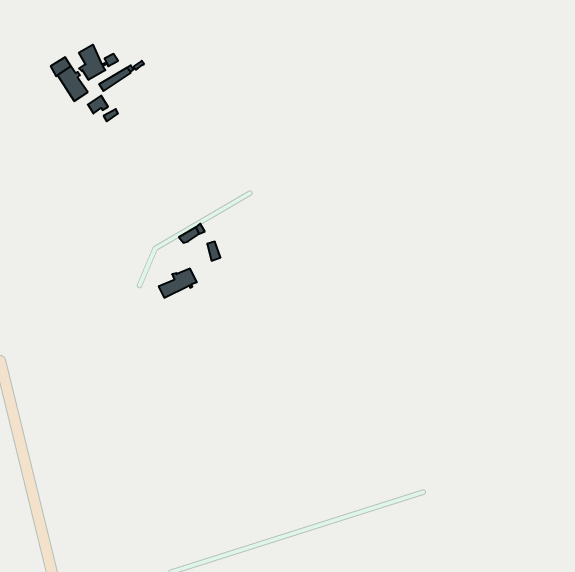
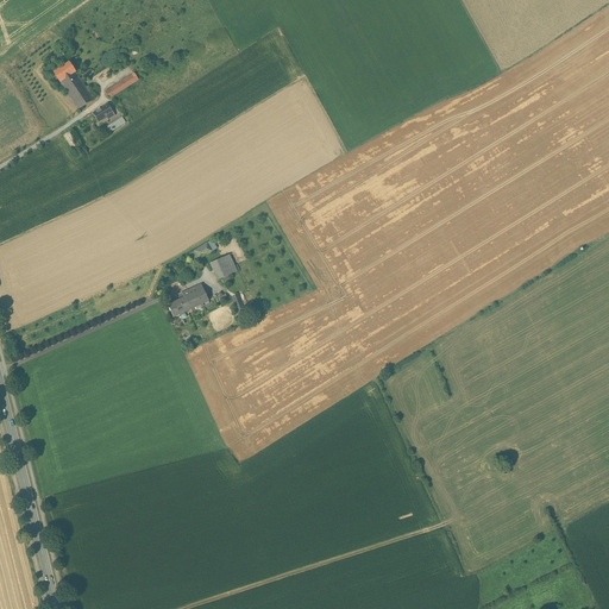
building: [79,45,106,80] -> none

